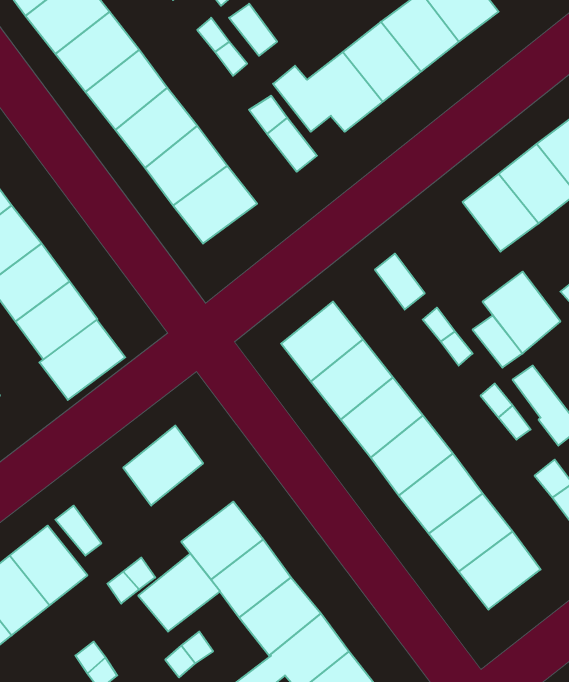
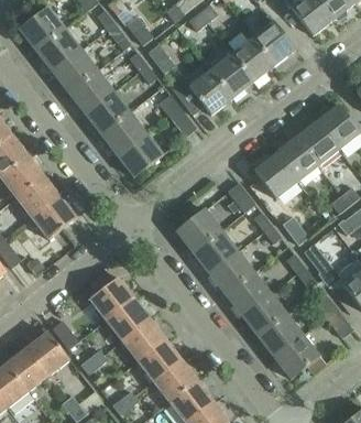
building: [483,272,560,354] -> [254,153,297,198]
building: [39,320,125,400] -> none
building: [138,554,220,632] -> [105,297,150,340]

